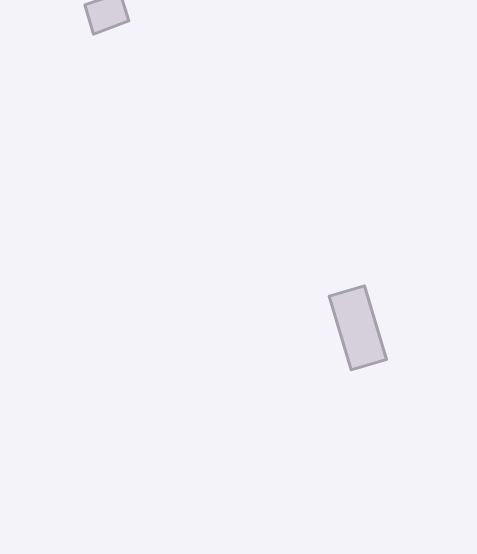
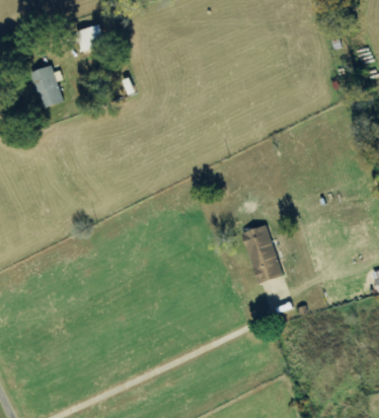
building: none -> [31,65,63,108]

